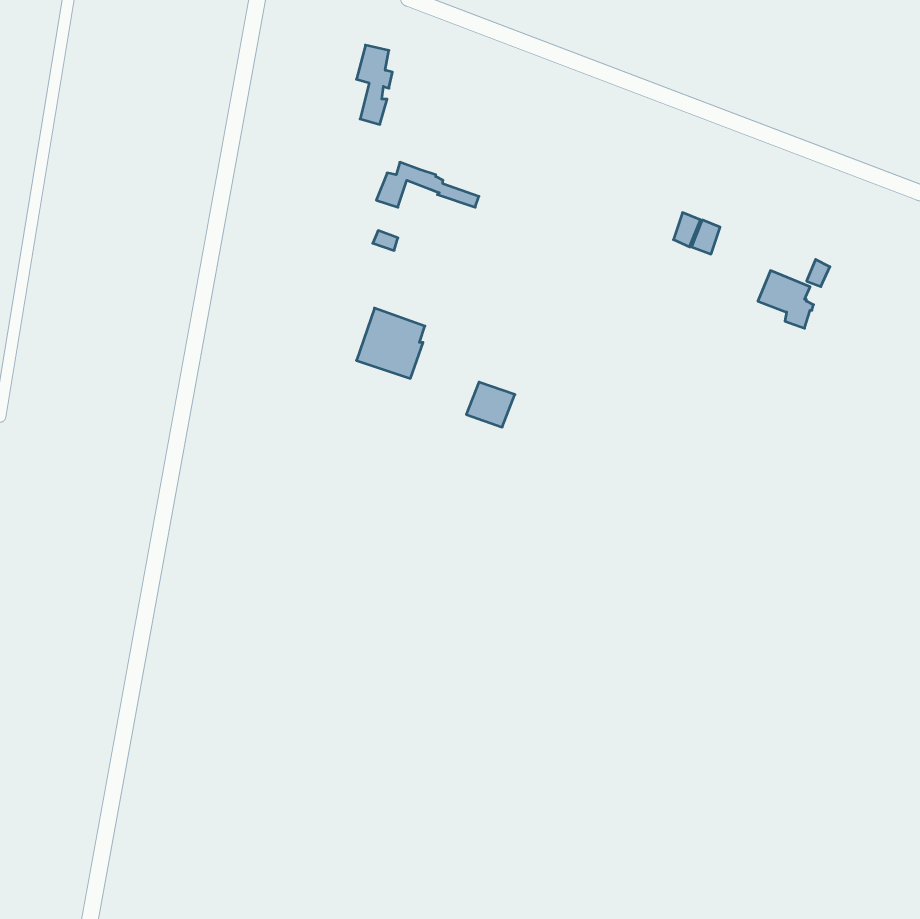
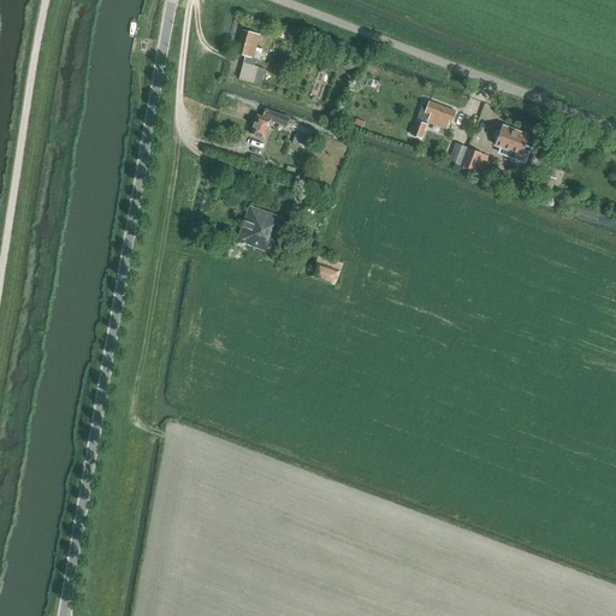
building: none -> [411,101,456,138]
building: [758,271,814,328] -> [494,124,532,162]

